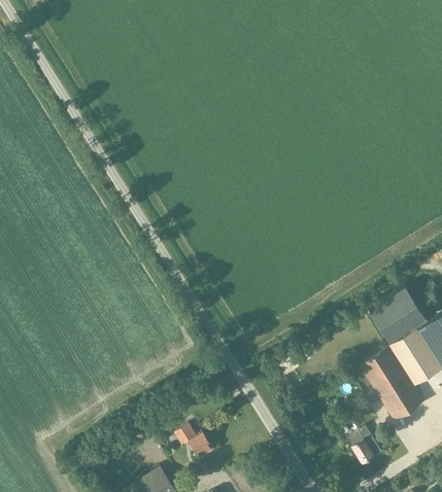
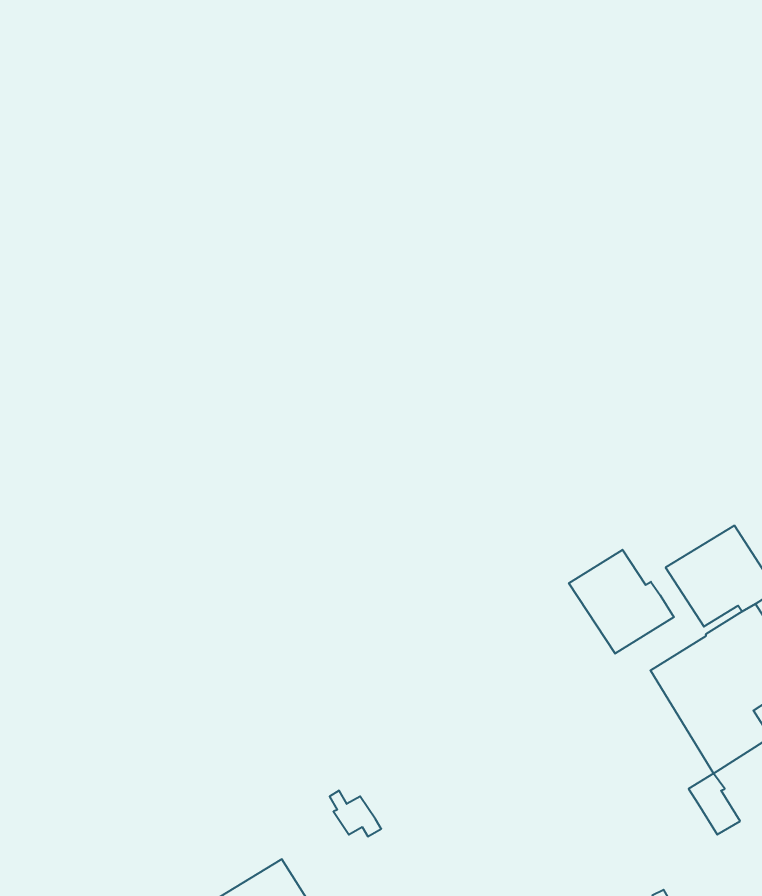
building: none -> [569,550,674,654]
building: [347,429,375,462] -> [689,773,740,835]

